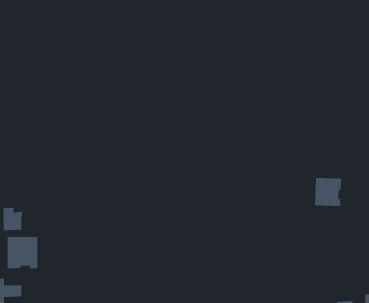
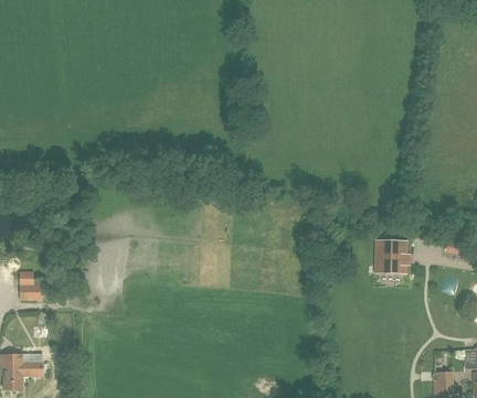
building: [7,236,38,269] -> none

